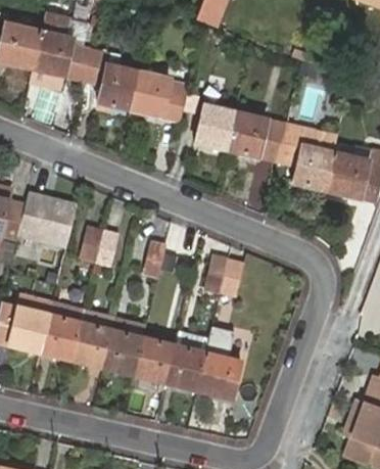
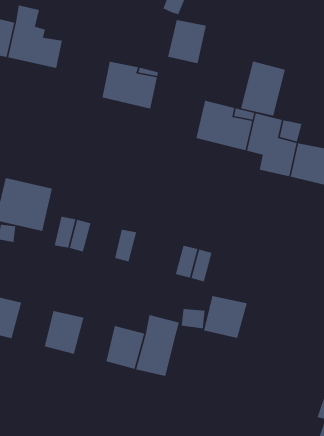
building: [82,48,136,107] -> none
building: none -> [240,61,286,117]
building: [193,103,234,149] -> [167,19,207,64]
building: [36,318,78,364] -> none
building: [100,333,141,379] -> none
building: [194,358,240,403] -> [203,295,248,339]

